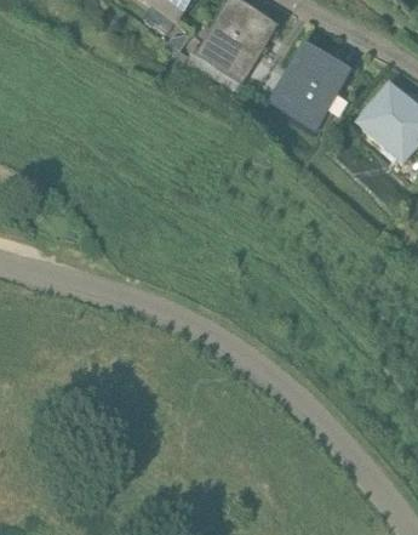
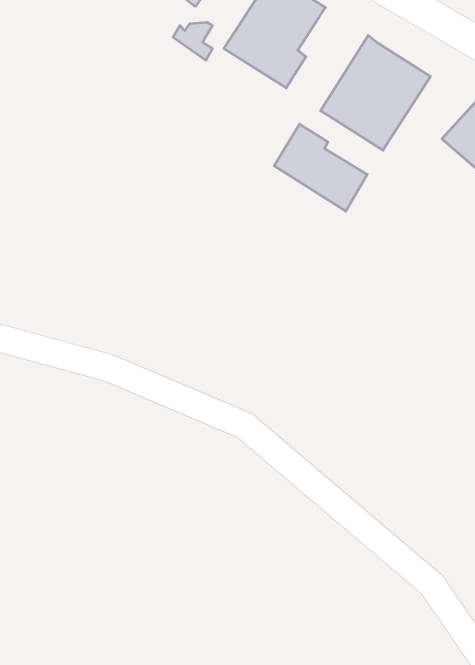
building: none -> [274,124,367,211]

